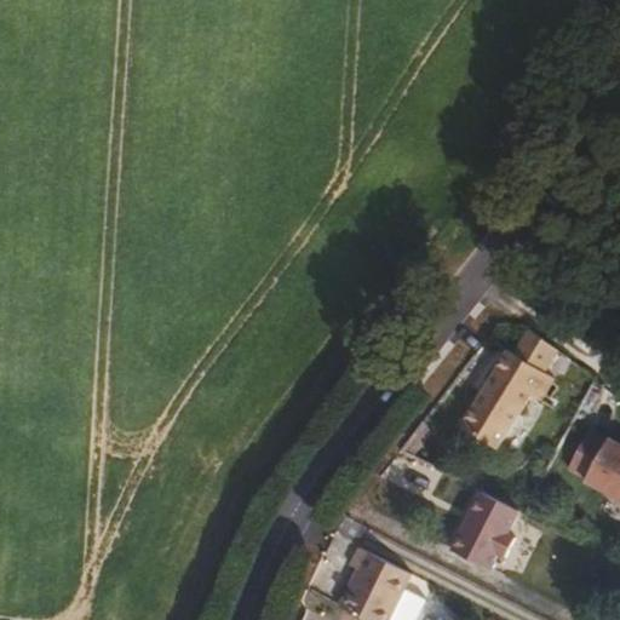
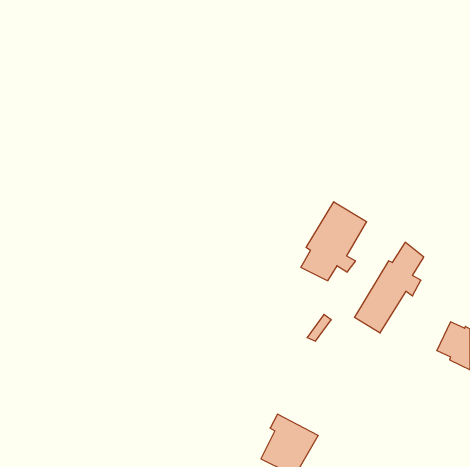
building: none -> [301,202,367,281]
building: [446,499,515,578] -> none

